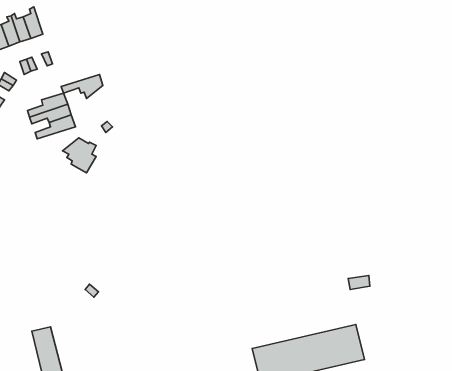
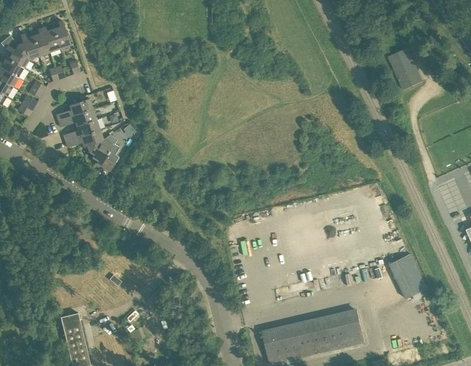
building: none -> [388,48,422,90]
building: [61,75,103,99] -> [65,130,103,152]
building: none -> [388,252,425,296]

